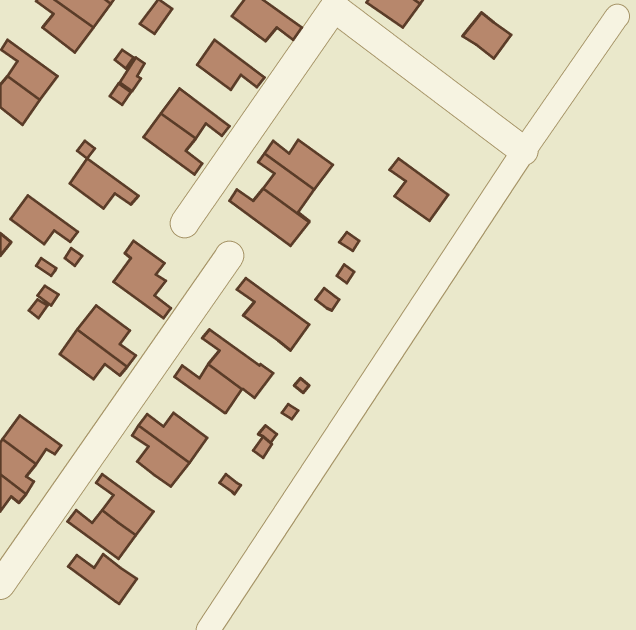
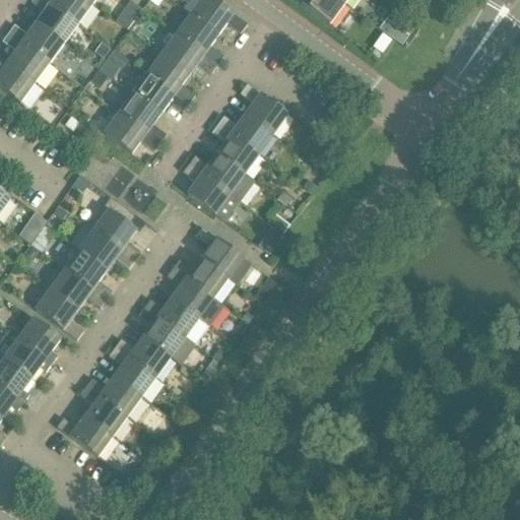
building: none -> [176,13,223,63]
building: none -> [7,22,62,62]
building: none -> [147,53,194,103]
building: [70,158,138,208] -> [104,112,159,152]
building: [390,159,448,221] -> [240,83,287,134]
building: [10,196,78,244] -> [79,230,134,269]
building: none -> [182,164,238,220]
building: none -> [172,257,228,298]
building: none -> [36,288,83,338]
building: none -> [137,307,194,363]
building: none -> [17,317,60,363]
building: [68,554,137,604] -> [84,376,140,416]

